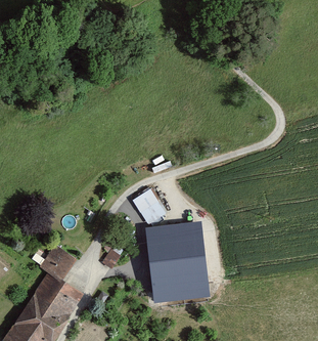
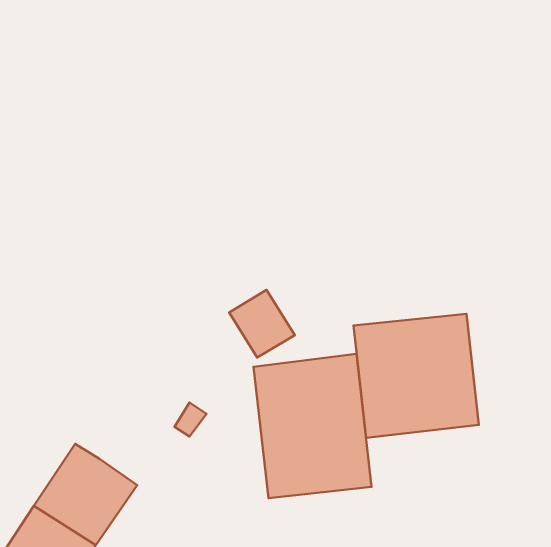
building: none -> [353,314,479,438]
building: [40,246,76,281] -> none

